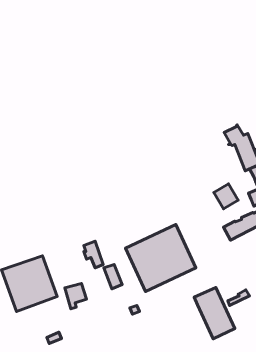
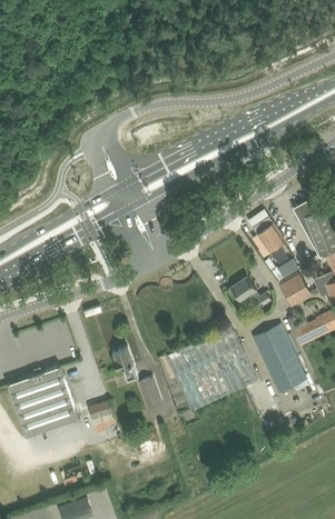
building: none -> [252,216,287,263]
building: none -> [230,277,270,308]
building: [194,288,235,339] -> [253,325,305,390]

